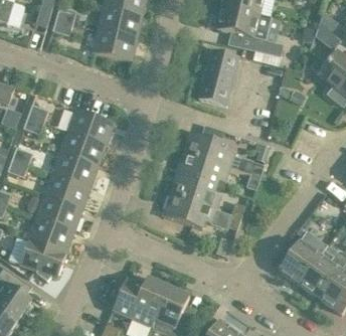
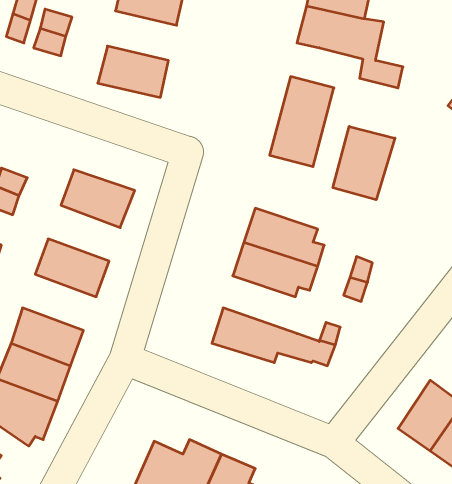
building: [98,8,141,39] -> none
building: none -> [333,126,395,200]
building: [60,130,106,165] -> none
building: [44,173,91,208] -> none
building: [170,174,220,210] -> none

